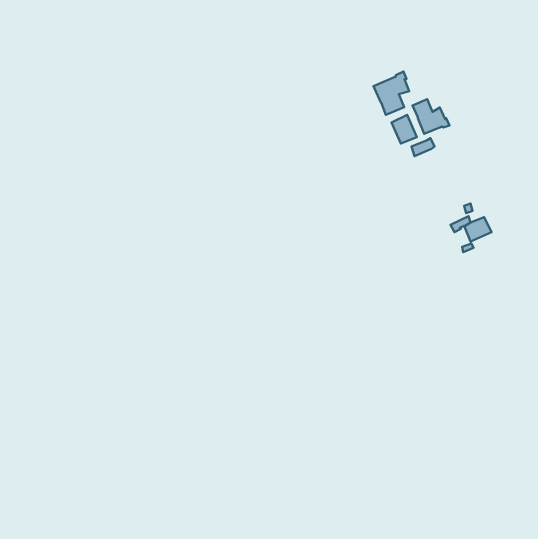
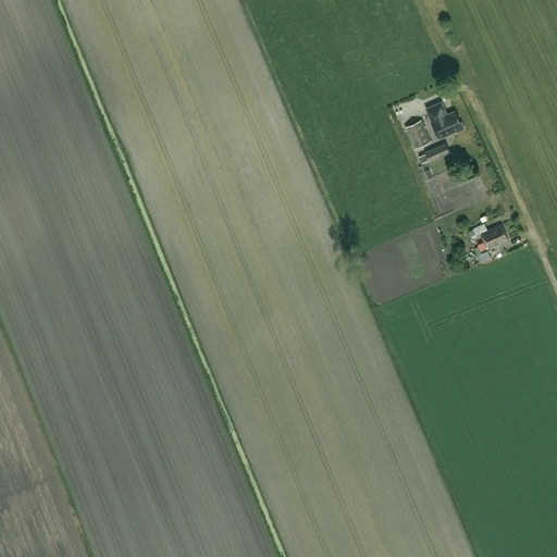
building: [373,71,409,115] -> none

